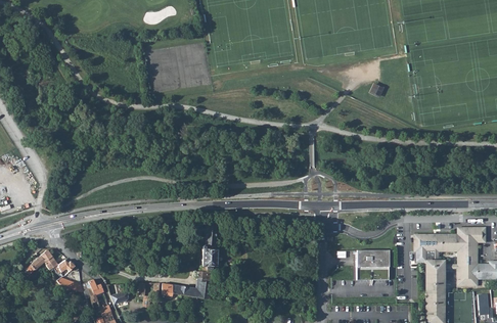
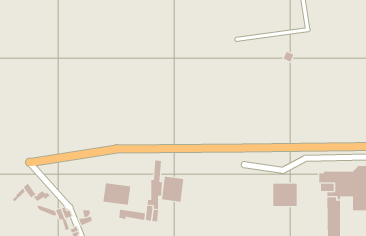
building: none -> [161,176,184,202]
building: none -> [103,183,131,205]

